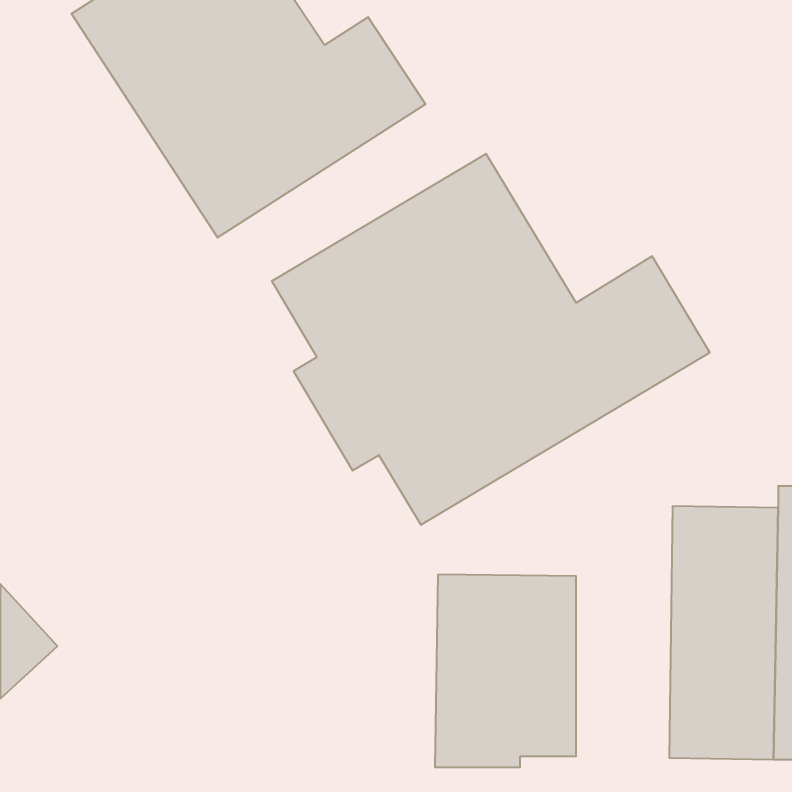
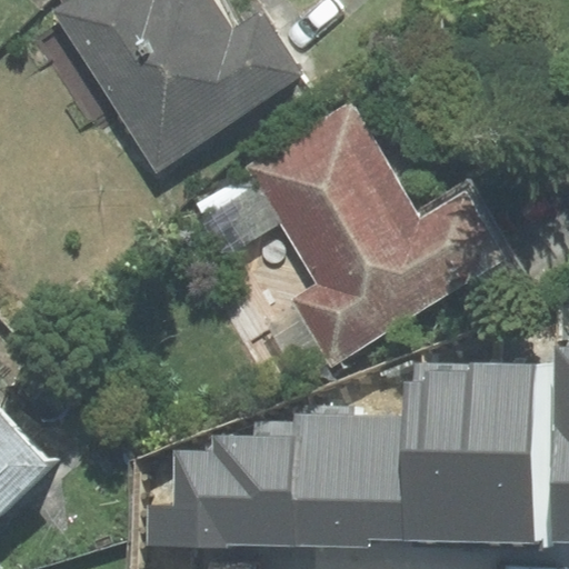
building: none -> [413,361,482,542]
building: none -> [148,411,315,549]

